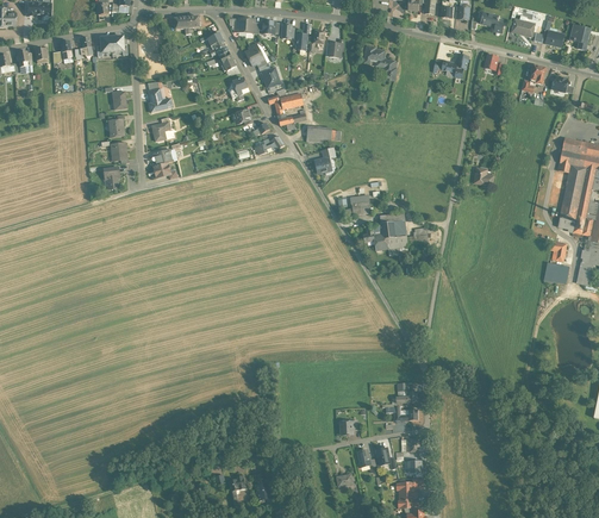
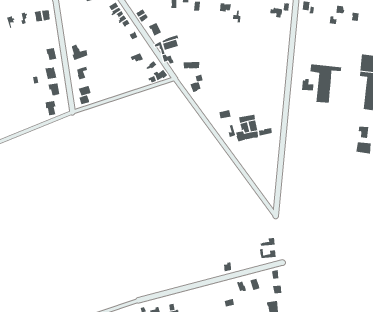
building: none -> [310,63,342,104]

